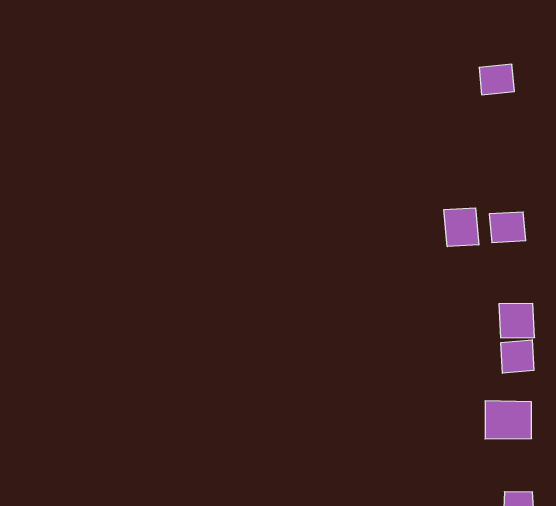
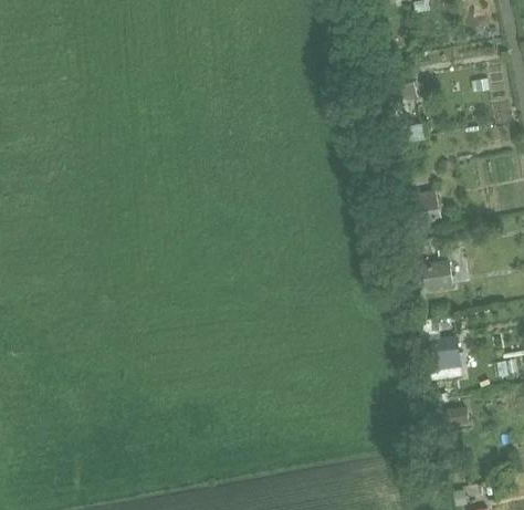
building: [444,208,479,247] -> none
building: [501,340,534,373] -> none

